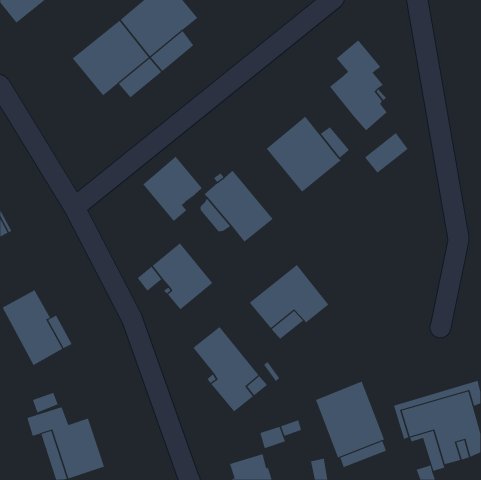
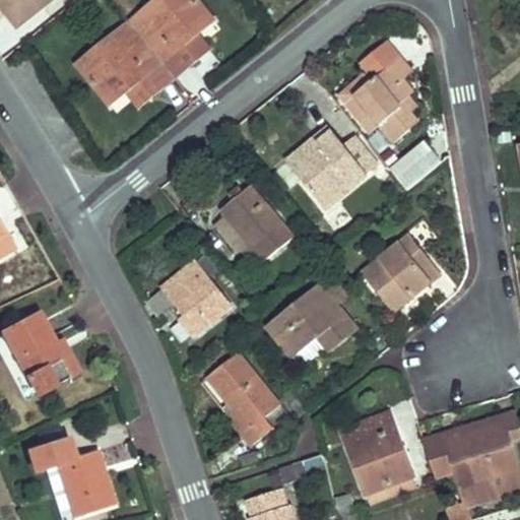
building: none -> [339,73,379,132]
building: [142,156,202,222] -> none
building: none -> [362,234,441,311]

